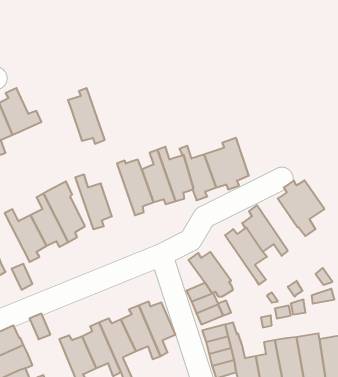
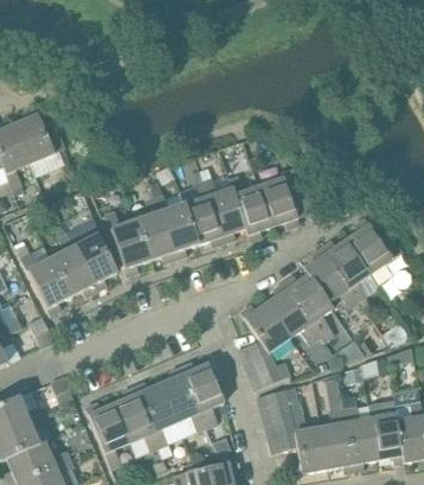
building: [68,88,105,144] -> [131,197,175,263]
building: none -> [321,238,370,301]
building: none -> [265,282,320,342]

